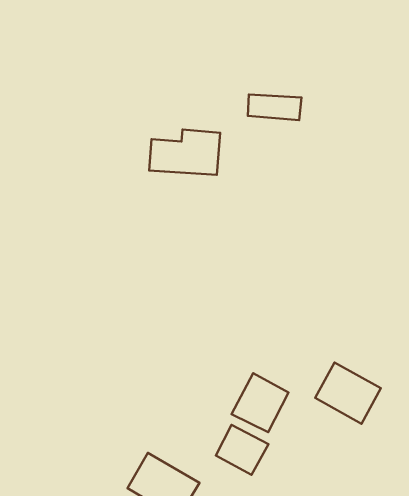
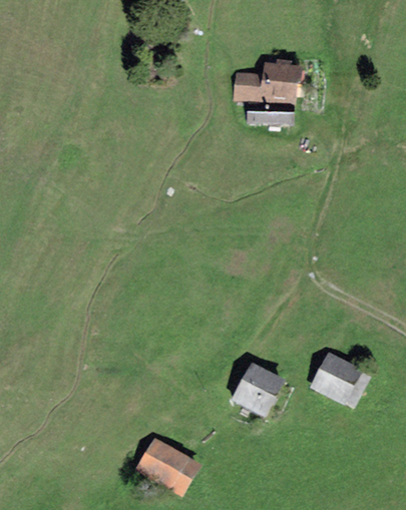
building: [149,130,220,175] -> [234,62,300,104]
building: [216,425,268,475] -> none

